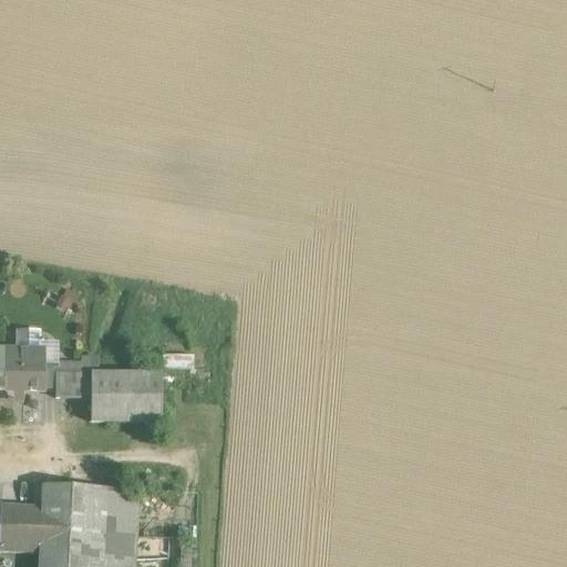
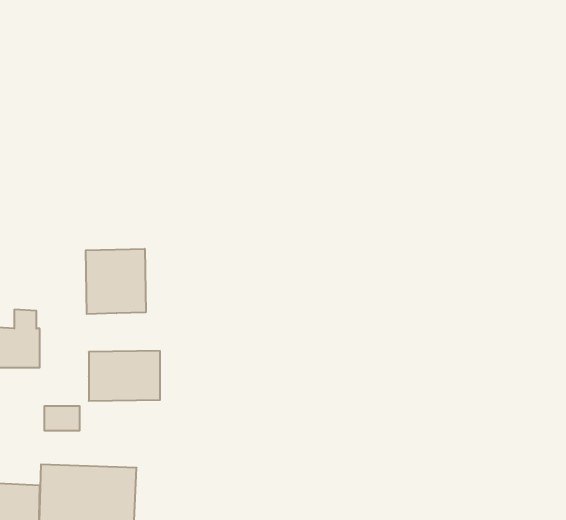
building: none -> [86,249,146,314]
building: [55,371,91,395] -> [44,406,80,431]

